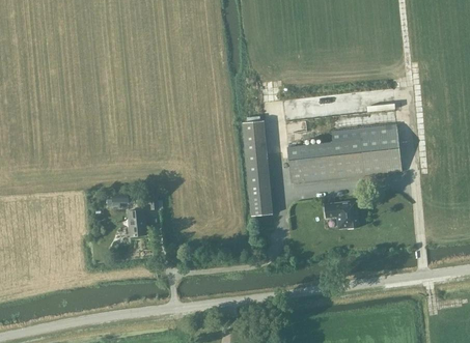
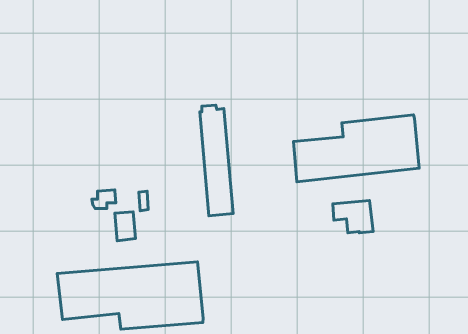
building: [242,116,272,216] -> [200,105,233,216]
building: none -> [57,262,203,329]

